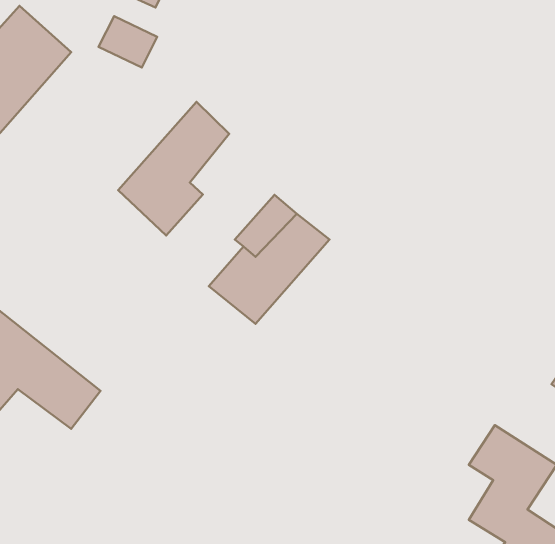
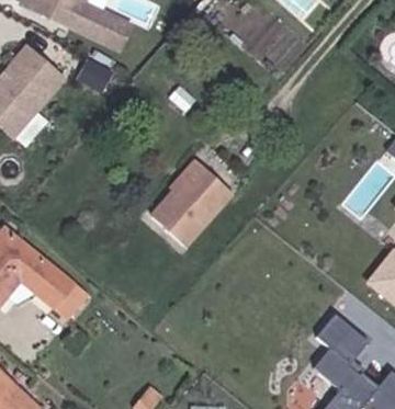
building: [118,102,229,235] -> none

